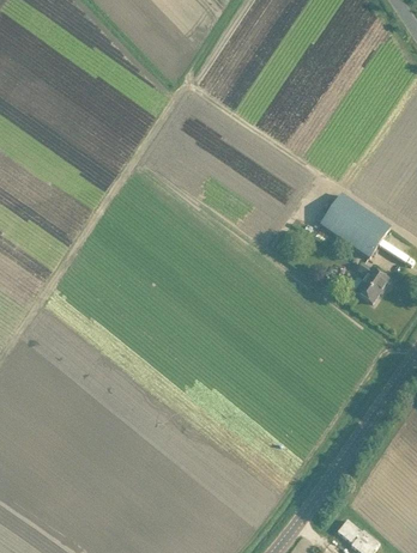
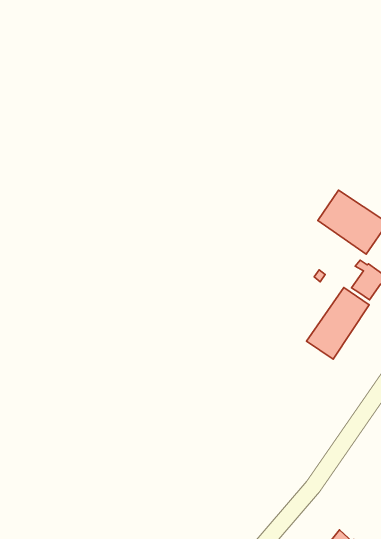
building: none -> [307,287,369,359]

